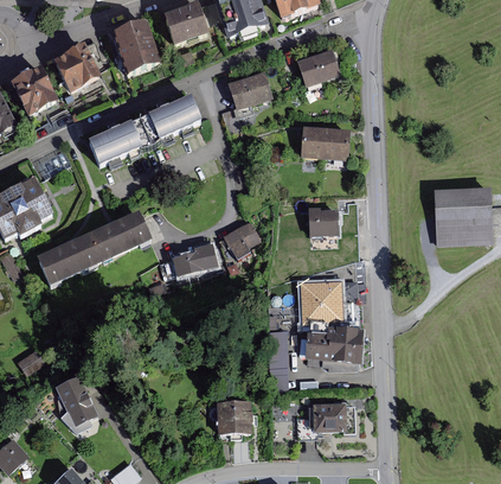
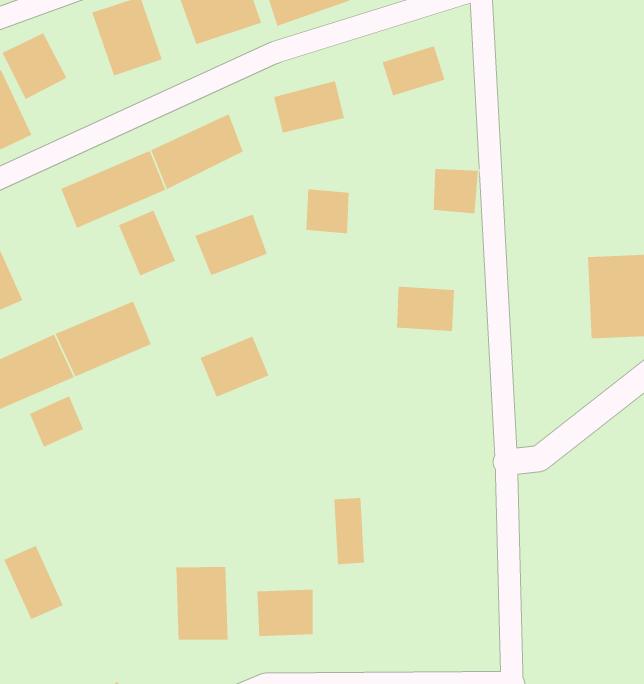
building: [301,128,329,158] -> [306,188,350,234]
building: none -> [118,209,176,277]
building: [212,224,259,265] -> [194,214,268,276]
building: none -> [29,395,84,448]
building: [294,279,365,362] -> none
building: none -> [176,566,229,641]
building: [307,401,341,429] -> none

